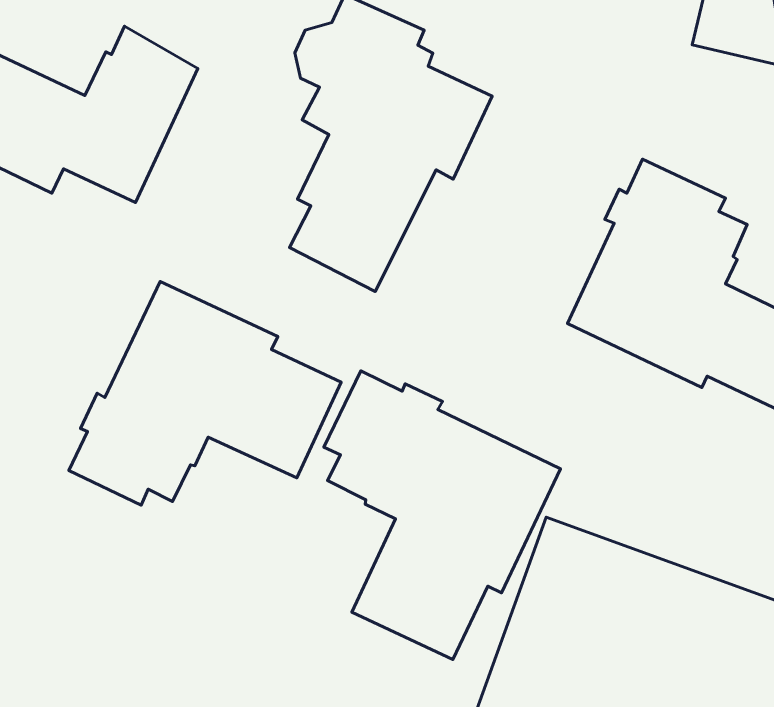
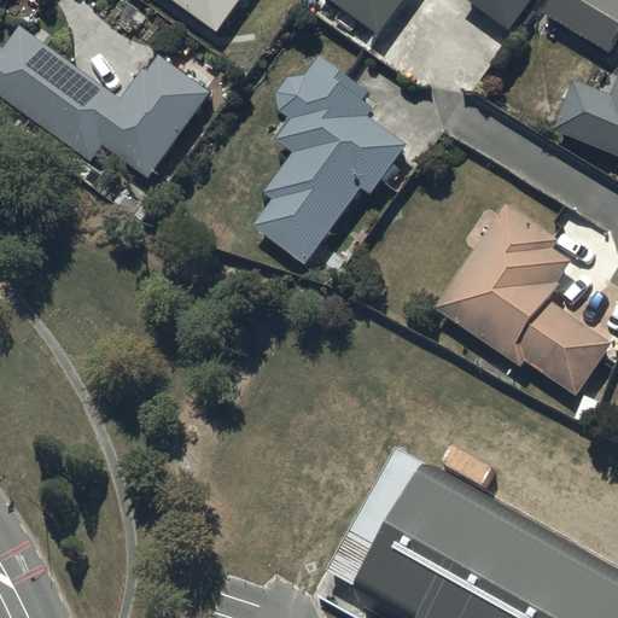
building: [69,281,341,505] -> none
building: [324,371,561,660] -> none

